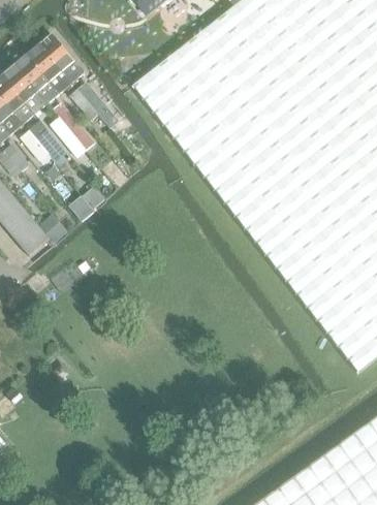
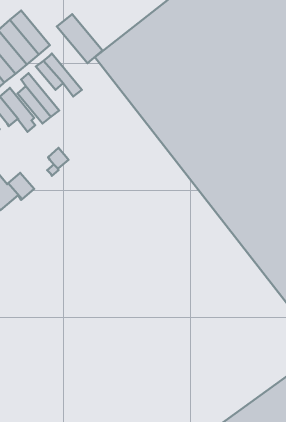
building: none -> [57,14,103,63]

